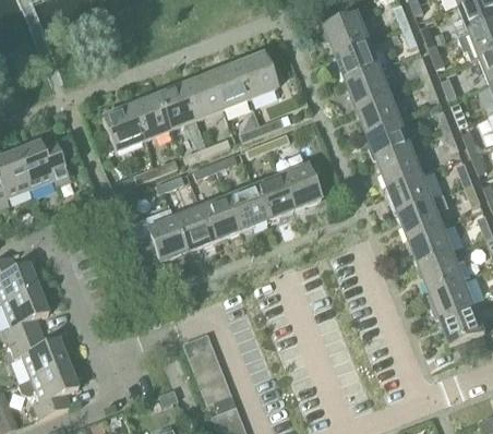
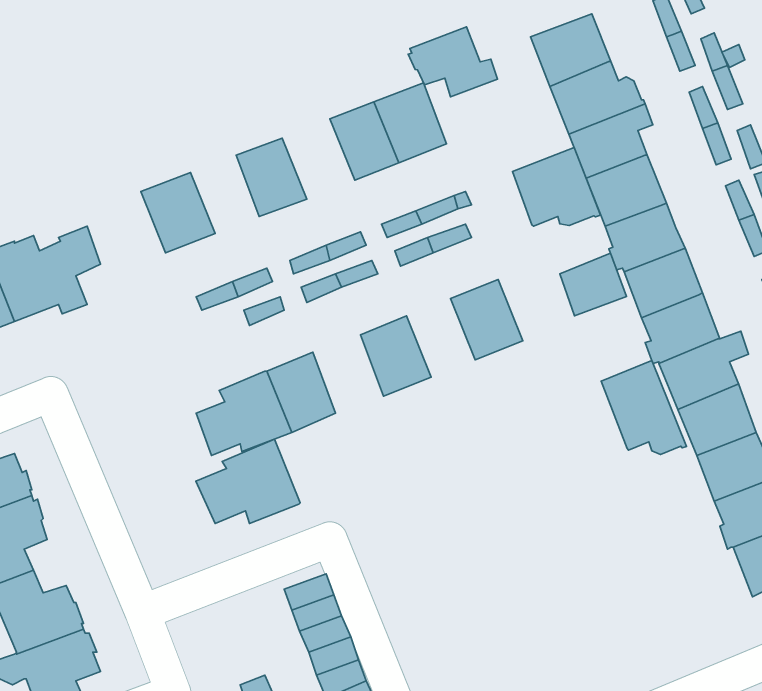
building: none -> [408,27,498,97]
building: [182,72,224,118] -> none
building: none -> [513,147,601,226]
building: [130,93,169,137] -> none
building: none -> [560,253,626,316]
building: [253,174,292,219] -> none
building: [200,195,240,240] -> none
building: none -> [601,360,687,454]
building: none -> [196,439,300,524]

